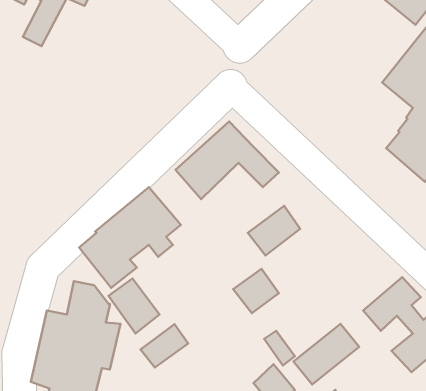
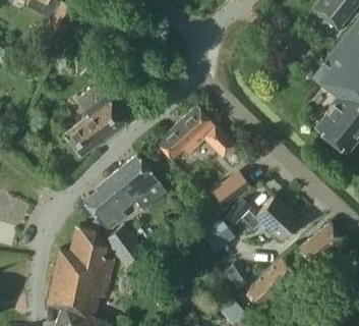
building: none -> [63,69,130,157]
building: none -> [225,196,301,241]
building: [141,324,188,367] -> none

